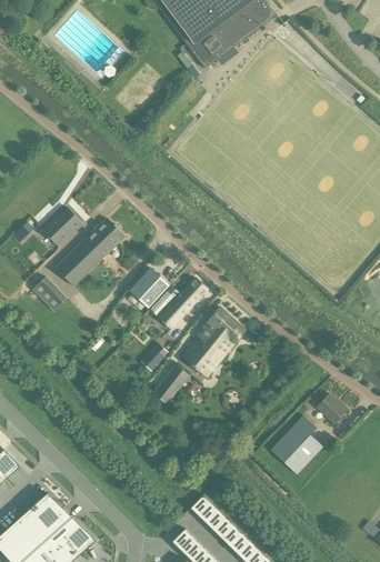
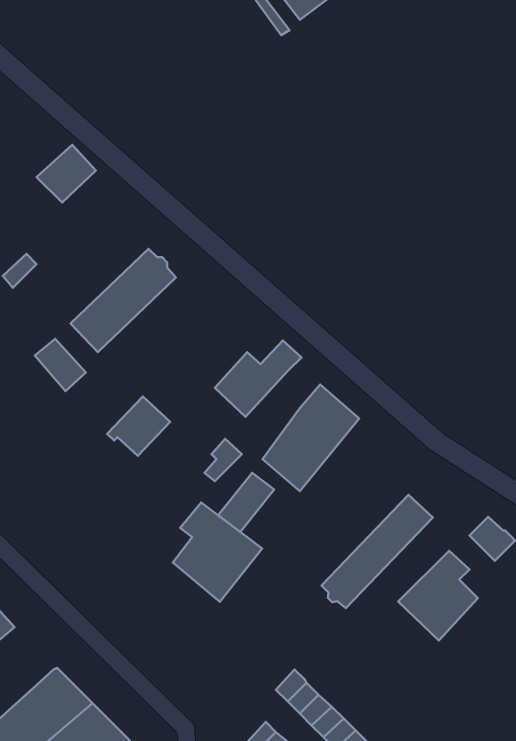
building: [42,207,81,244] -> [37,145,96,203]
building: [128,268,169,307] -> [107,396,170,456]
building: none -> [322,495,433,608]
building: none -> [173,502,262,602]

